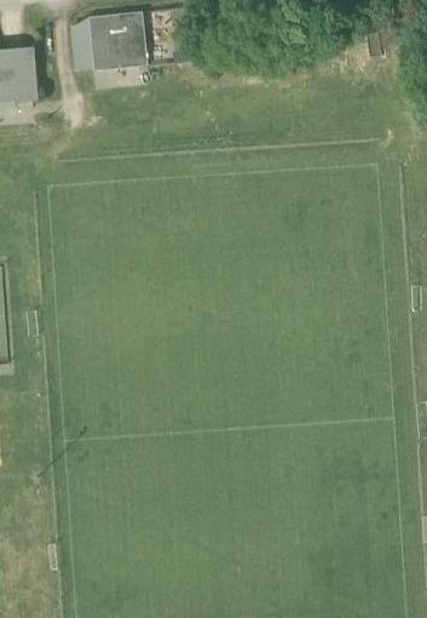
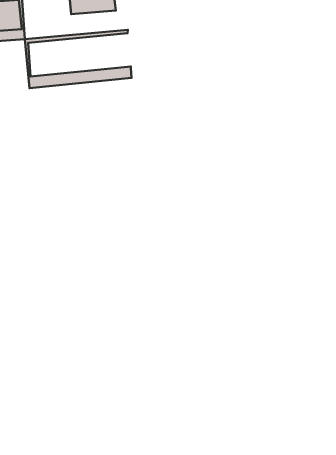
building: none -> [25,30,132,88]

